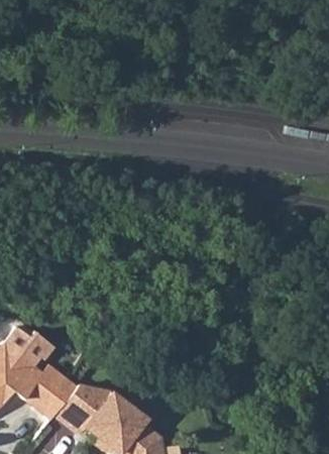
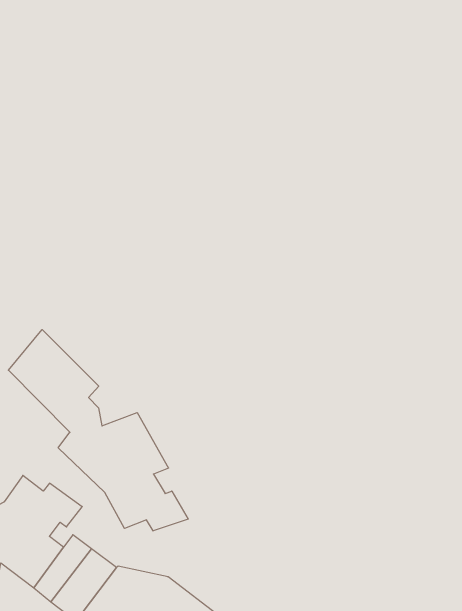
building: none -> [8,330,188,531]

